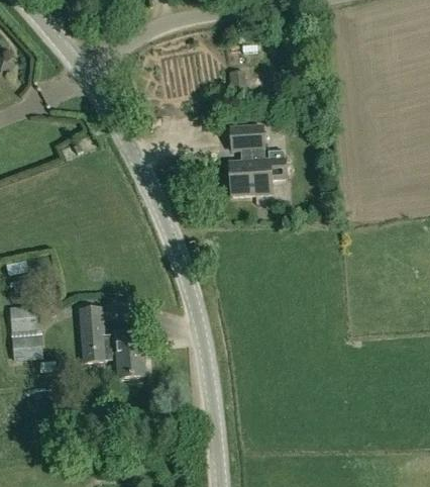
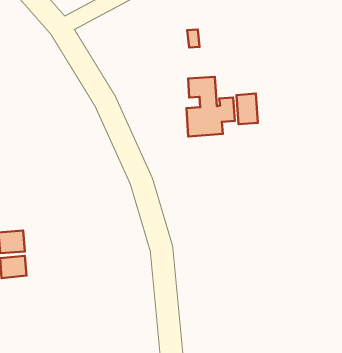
building: none -> [237,94,258,124]
building: [79,308,144,378] -> none

